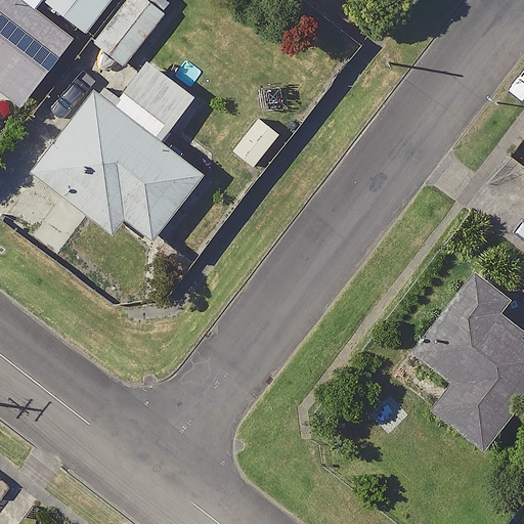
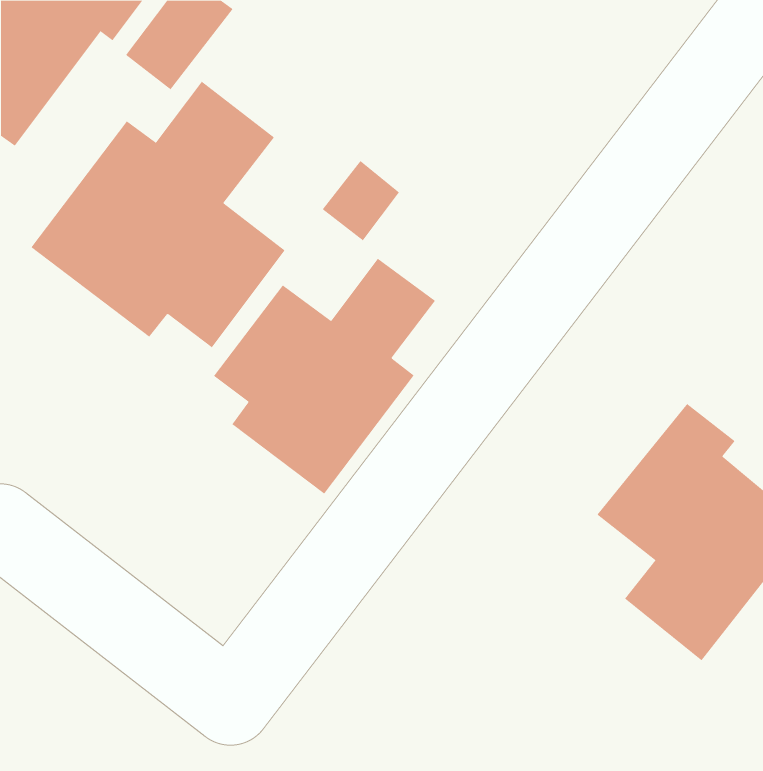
building: none -> [213,258,436,495]

